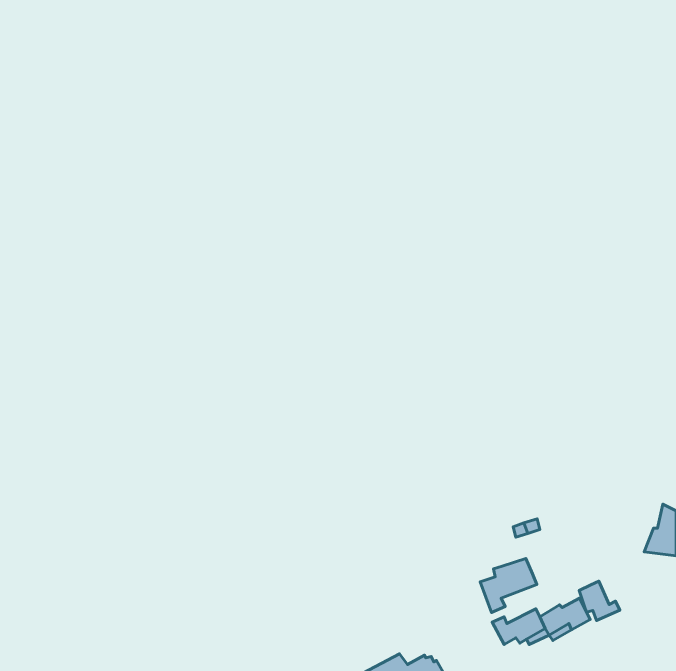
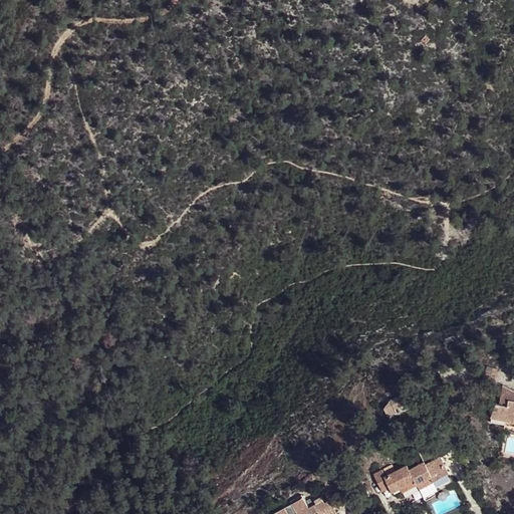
building: [480,559,537,613] -> none
building: [579,581,620,620] -> none

